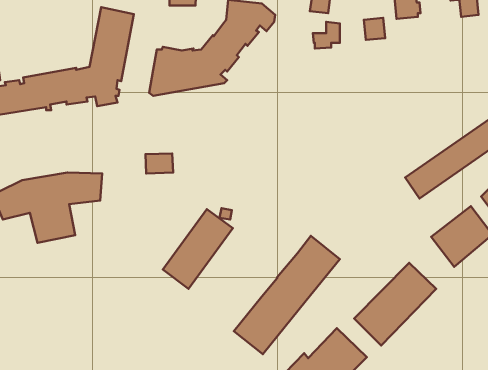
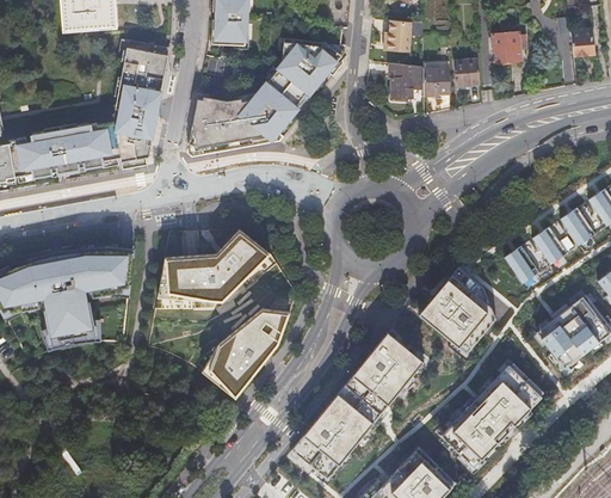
building: none -> [424,61,450,96]
building: none -> [159,225,276,307]
building: none -> [420,268,496,353]

